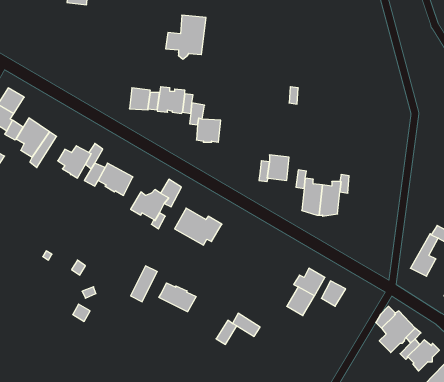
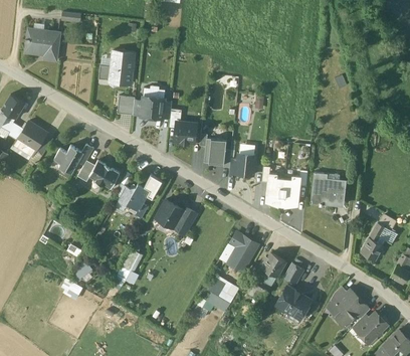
building: none -> [25,30,60,60]
building: [166,15,206,59] -> [98,50,134,88]
building: none -> [204,139,226,165]
building: none -> [311,172,346,206]
building: none -> [228,232,257,272]
building: [159,283,196,312] -> none
building: none -> [208,276,239,304]
building: none -> [276,286,312,319]

